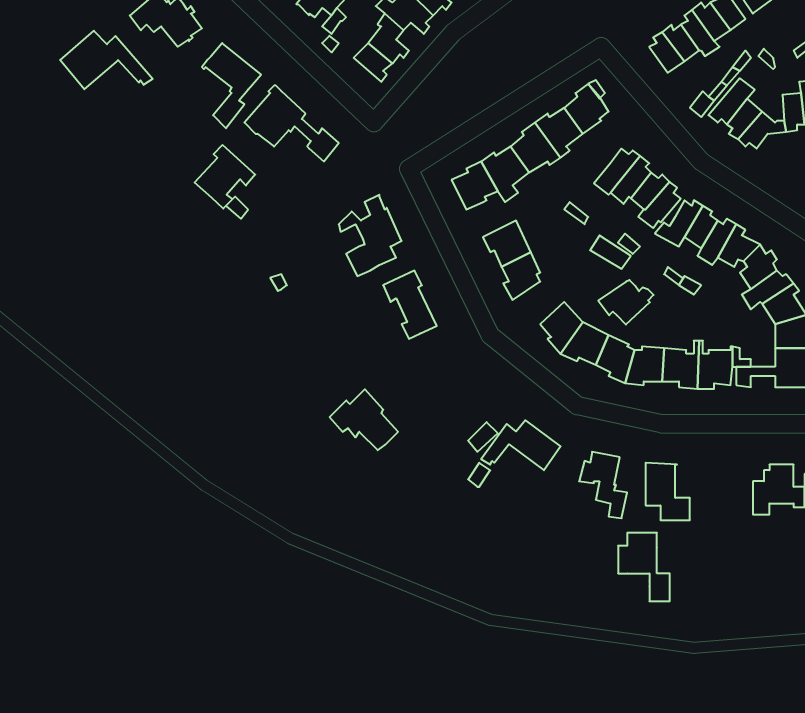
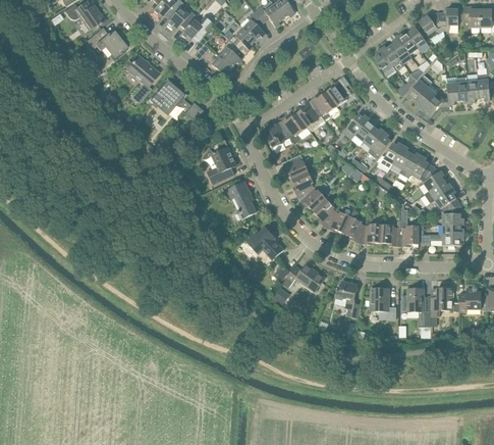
building: [60,31,153,89] -> none
building: [195,145,255,209] -> none
building: [598,280,654,325] -> [298,186,329,210]
building: [330,389,398,450] -> [246,226,284,259]
building: [618,533,670,601] -> [402,288,431,326]

